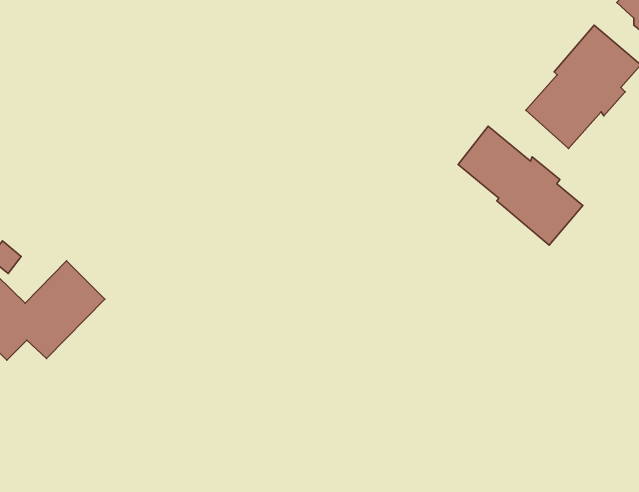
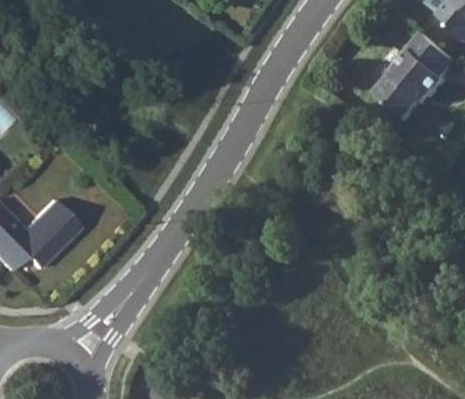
building: [458,126,583,245] -> none

